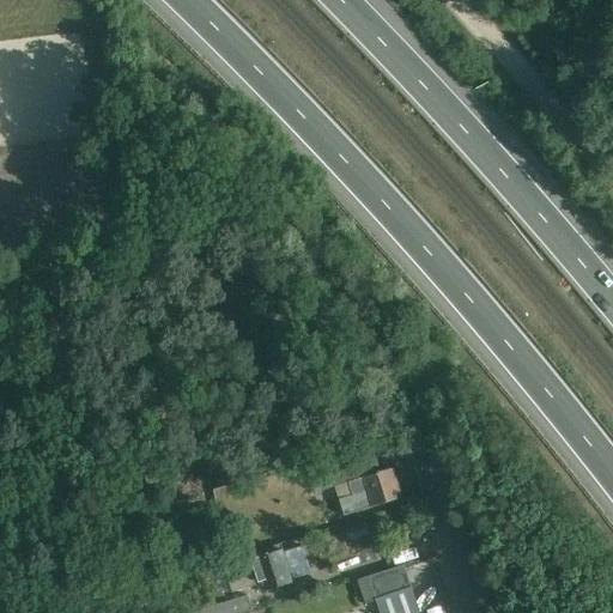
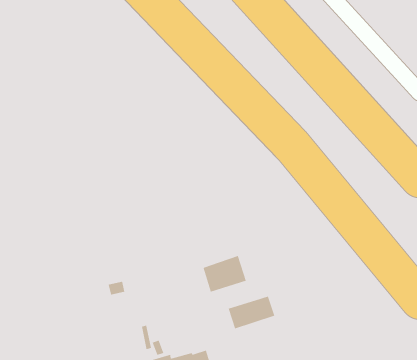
building: none -> [203,255,247,292]

